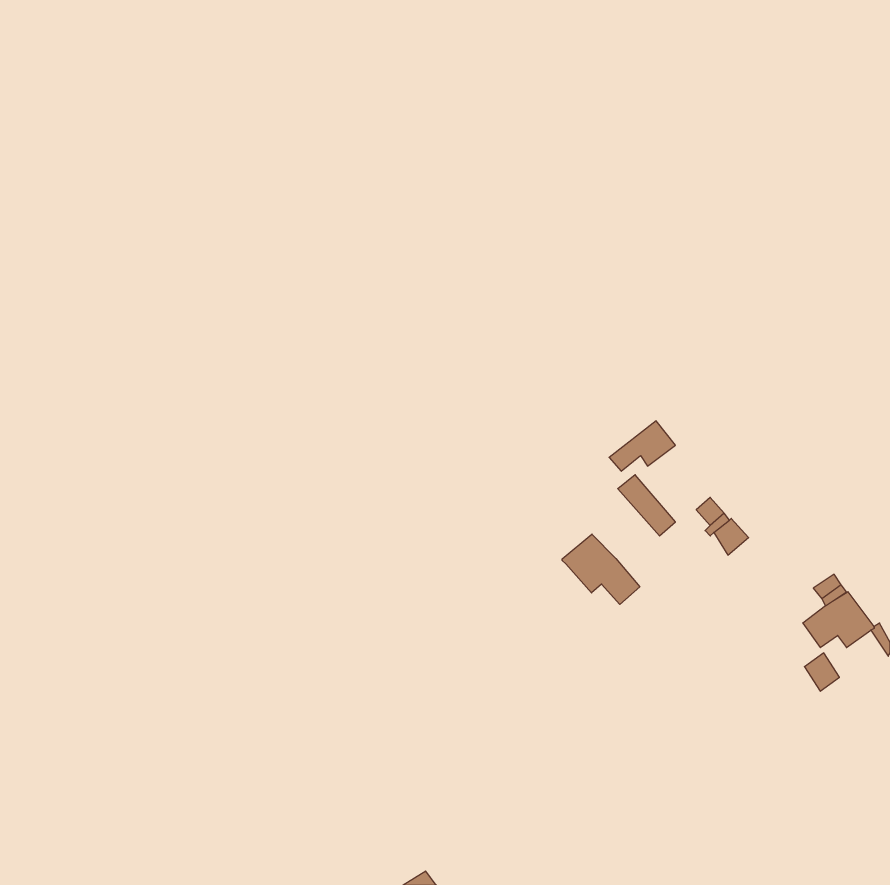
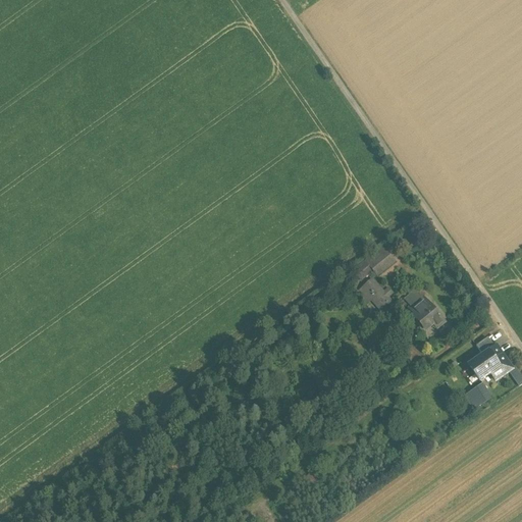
building: [562,534,640,604] -> none

